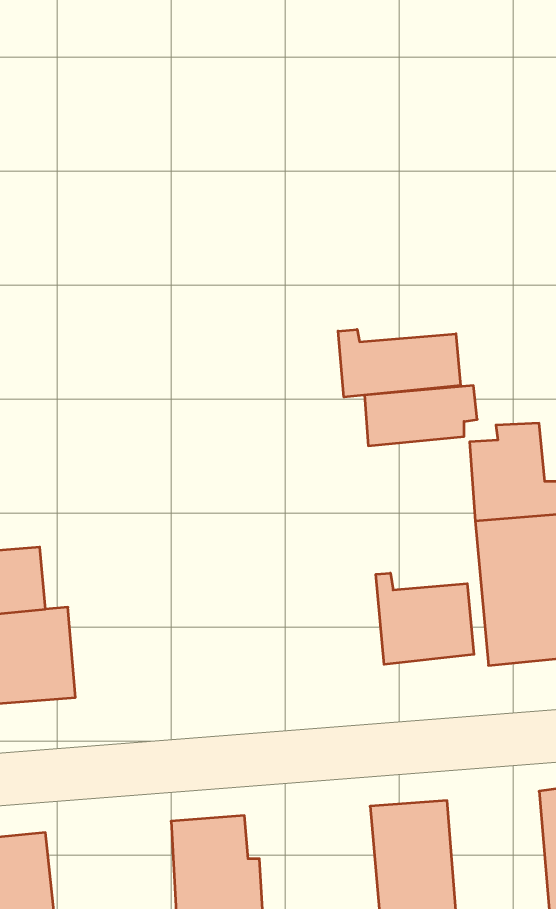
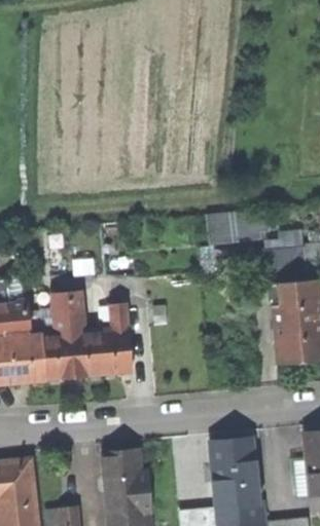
building: [338,329,461,397] -> none
building: none -> [44,291,136,382]
building: [376,573,474,664] -> none

